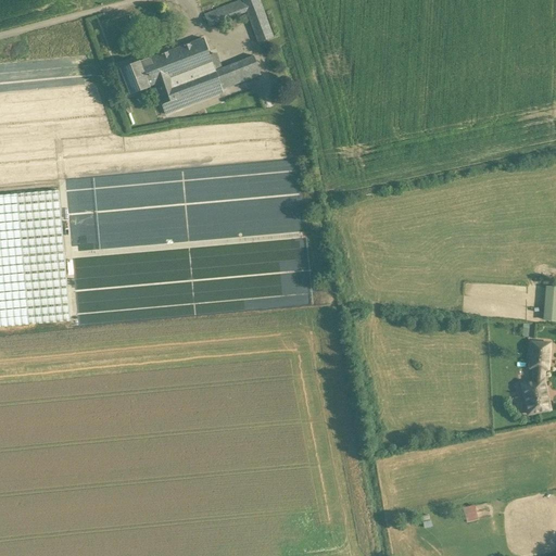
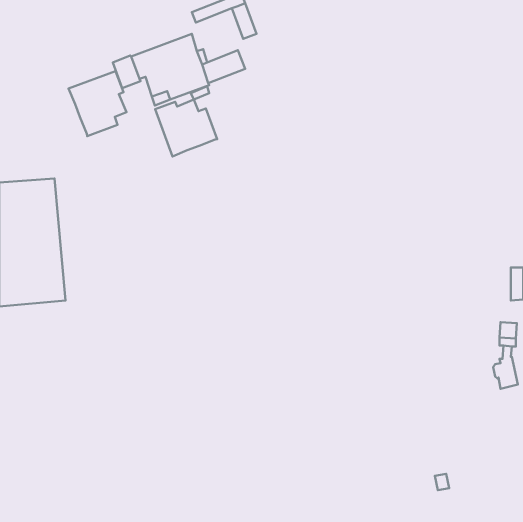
building: none -> [68,71,126,136]
building: none -> [155,99,217,157]

